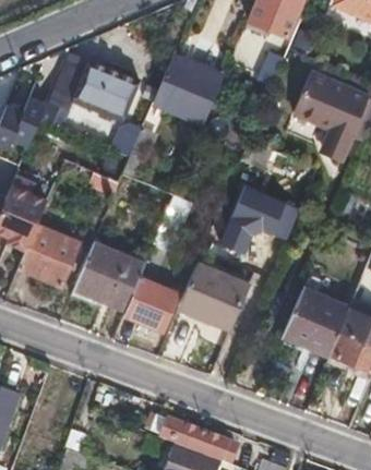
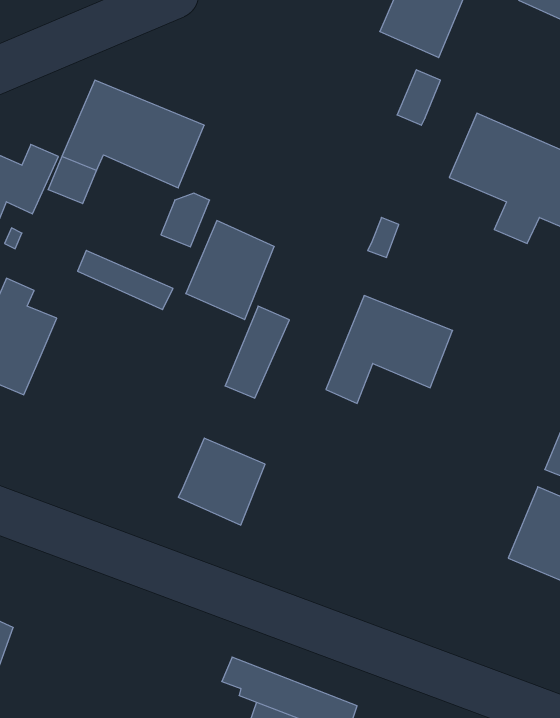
building: [166,60,222,122] -> [186,221,274,320]
building: [17,225,79,286] -> none
building: [74,242,143,310] -> none
building: [178,262,247,328] -> none
building: [283,288,348,352] -> none

